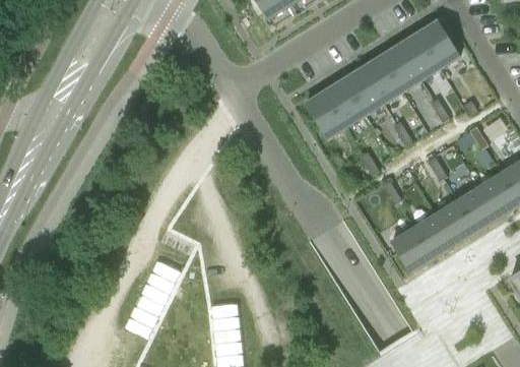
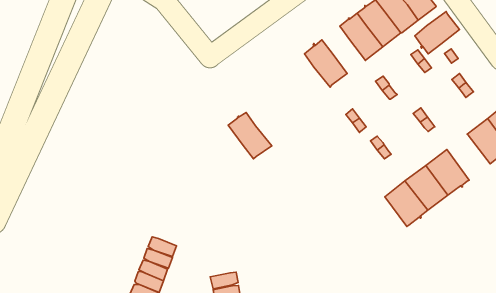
building: none -> [415,11,460,54]
building: [342,67,384,115] -> none
building: [305,91,346,138] -> [228,112,272,159]
building: [457,186,499,232] -> none

